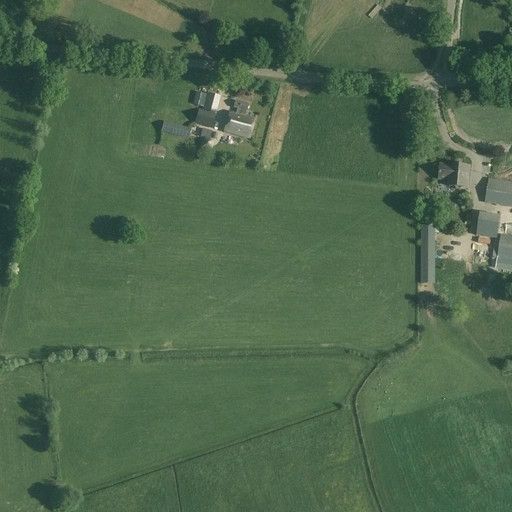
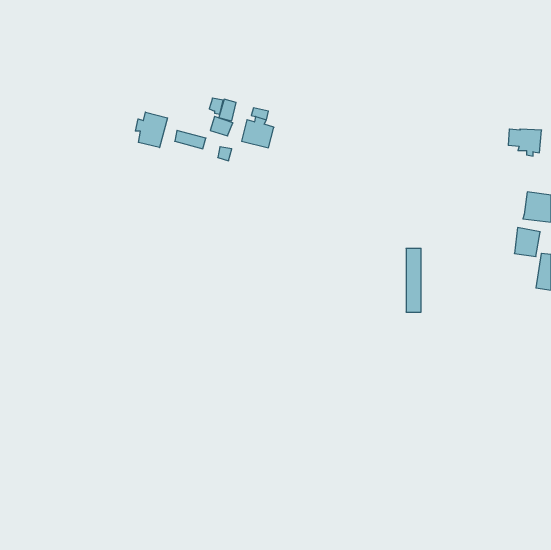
building: none -> [135,112,168,148]
building: [439,164,470,189] -> [508,129,542,156]
building: [421,224,435,283] -> [406,248,421,312]

